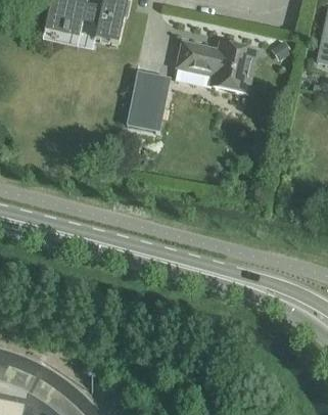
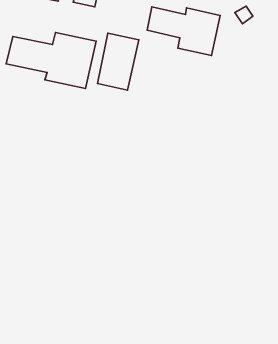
building: none -> [6,33,96,89]

